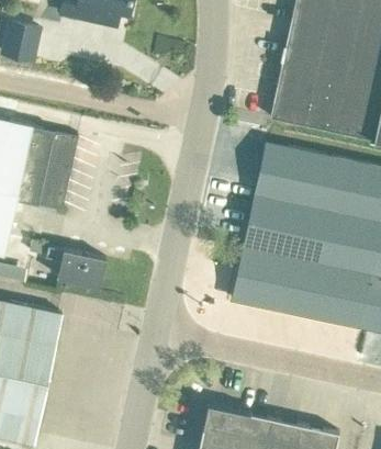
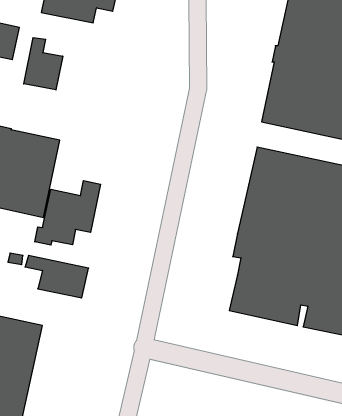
building: none -> [24,38,63,90]
building: none -> [35,181,101,245]

